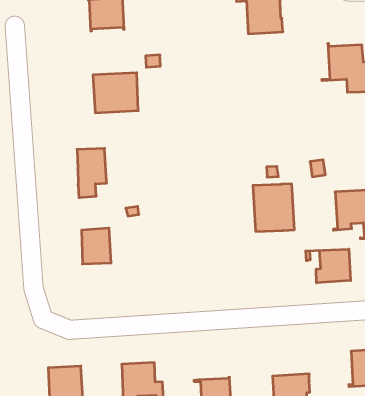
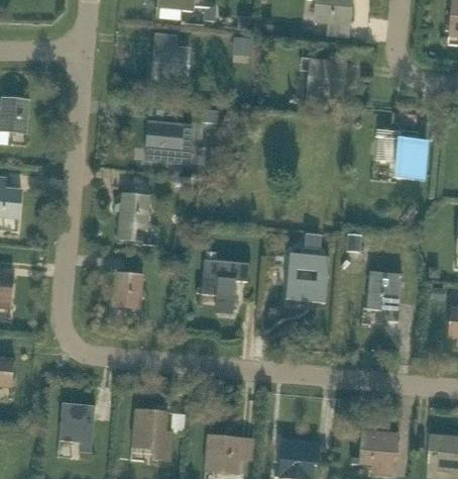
building: none -> [196,258,248,313]
building: [306,249,351,283] -> none

